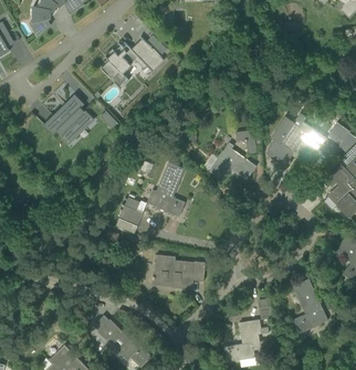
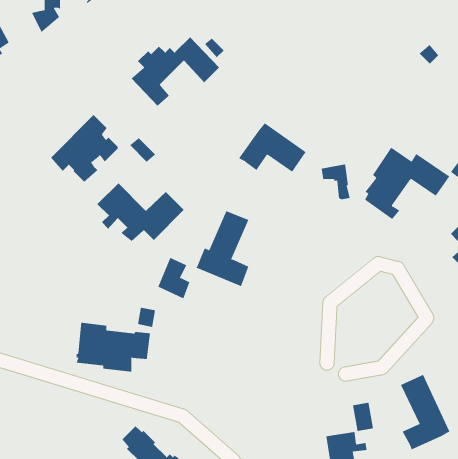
building: none -> [97,183,184,242]
building: [208,145,256,180] -> [238,123,307,172]
building: [153,254,206,289] -> [76,322,151,372]

